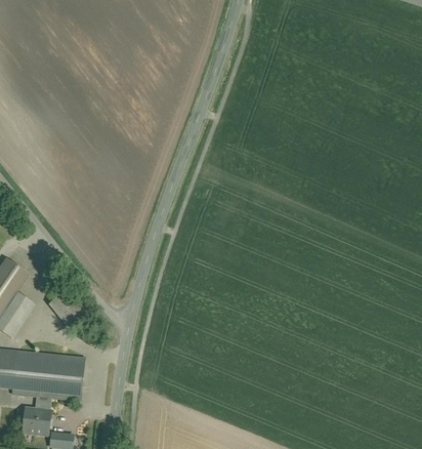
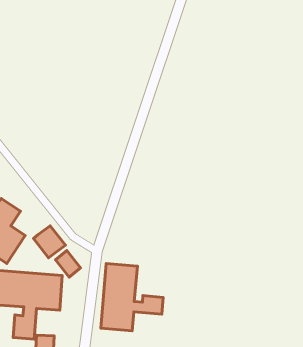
building: none -> [55,251,80,277]
building: none -> [101,263,163,331]

